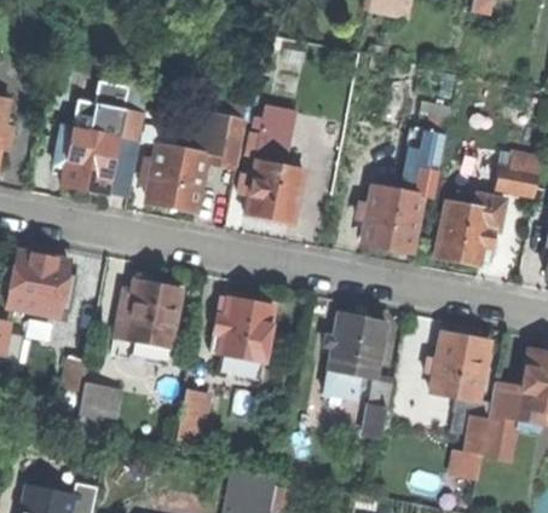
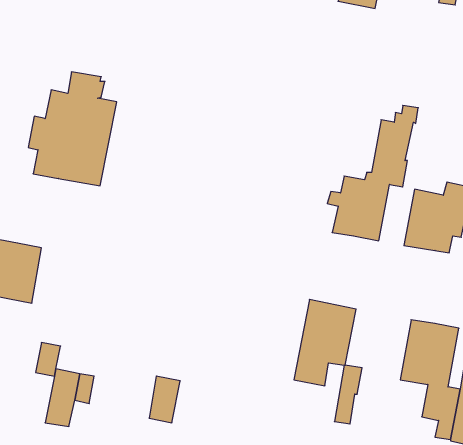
building: [145,116,242,213] -> none
building: [237,121,304,224] -> none
building: [113,276,180,367] -> none
building: [209,299,273,380] -> none

